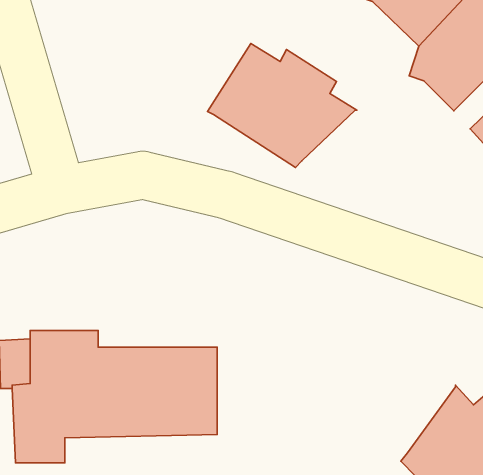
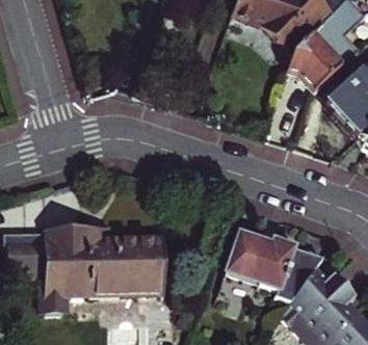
building: [207,43,357,168] -> none
building: none -> [221,238,315,306]

